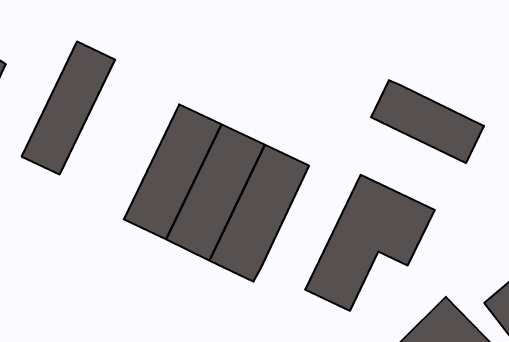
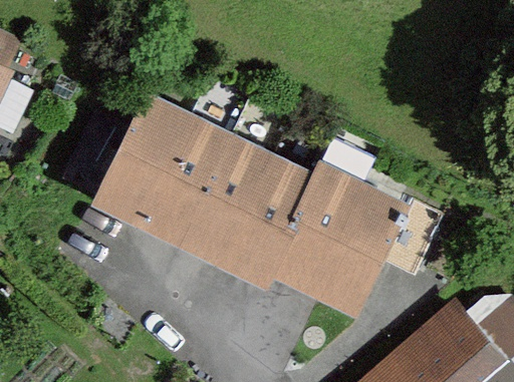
building: [22,42,115,174] -> [89,92,183,225]
building: [371,80,484,163] -> none
building: none -> [264,159,363,295]

